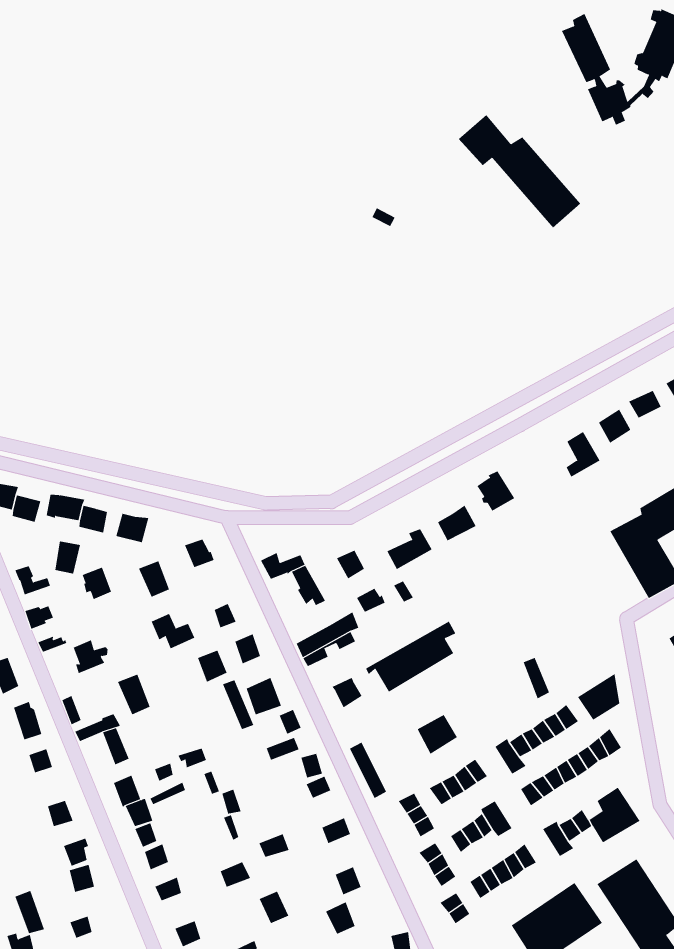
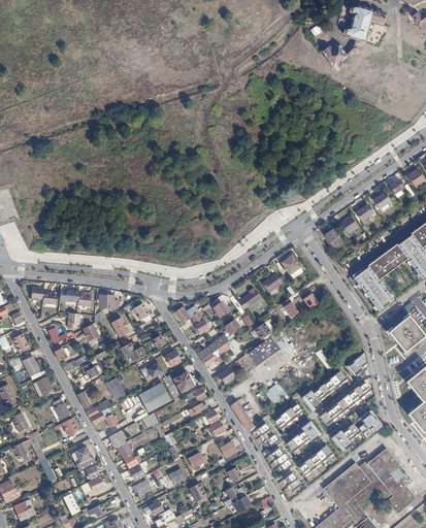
building: [458,114,581,228] -> none
building: none -> [137,383,169,411]

